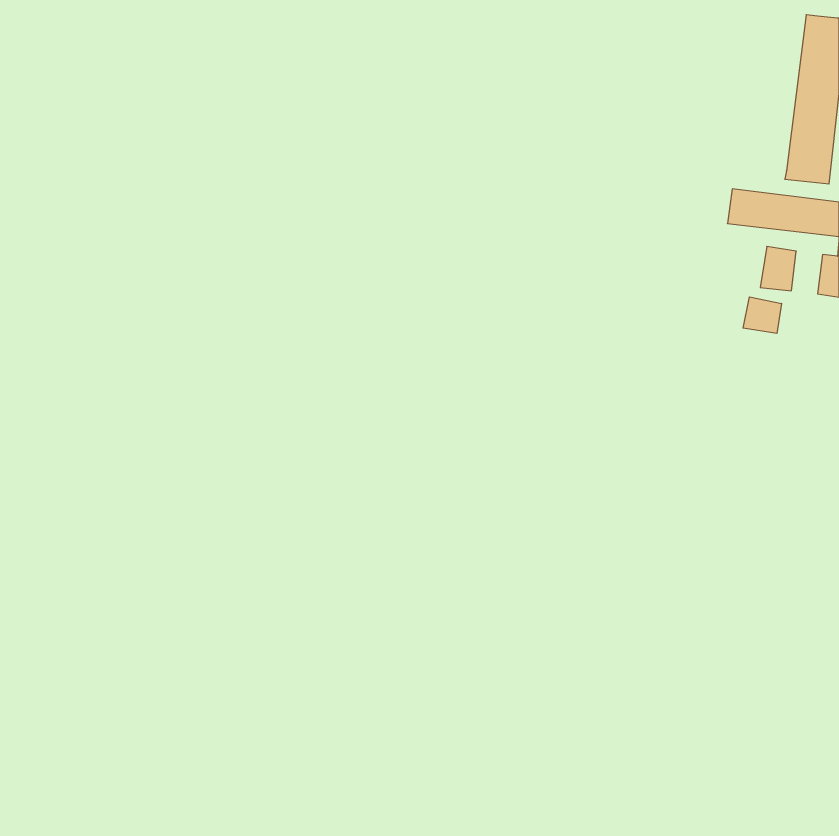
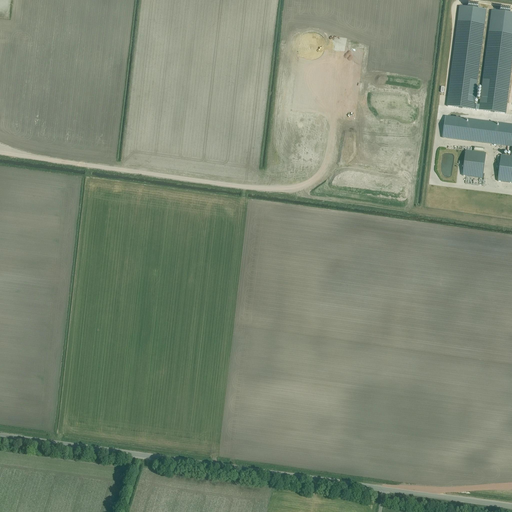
building: none -> [447,5,486,109]
building: [743,297,782,333] -> none

